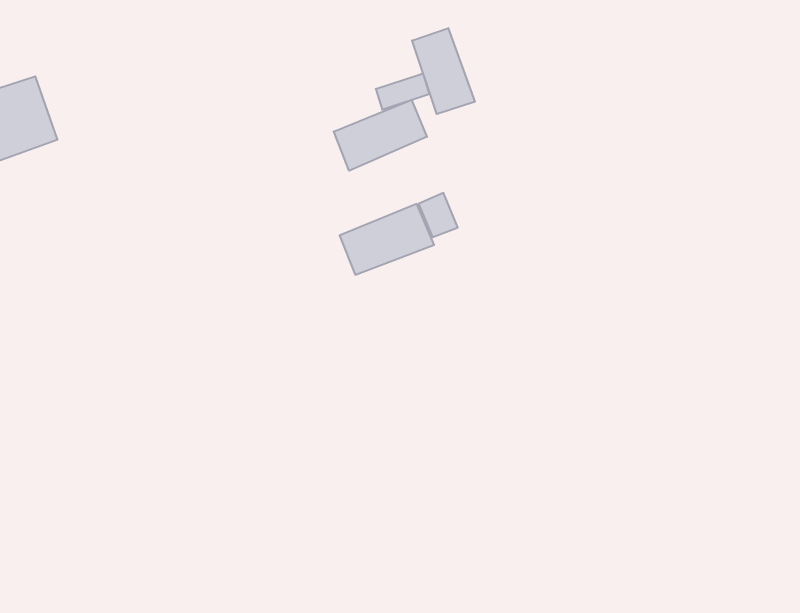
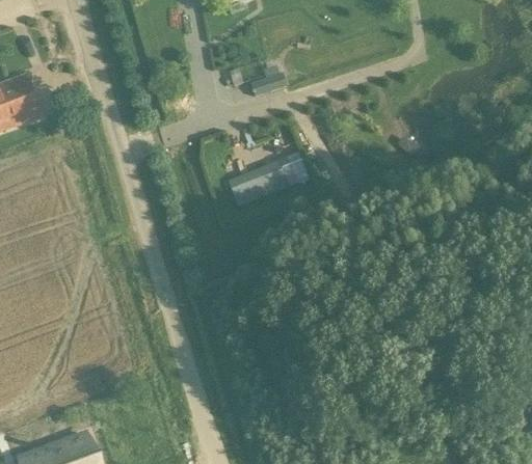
building: [412,28,475,114] -> none
building: [334,100,427,171] -> none

